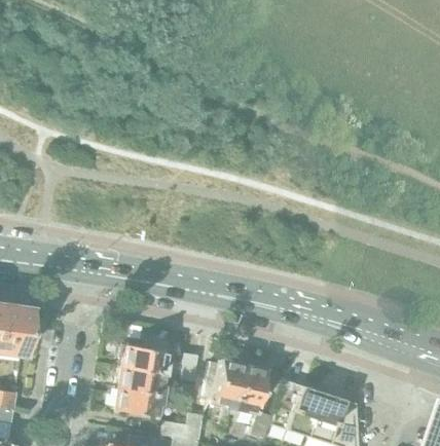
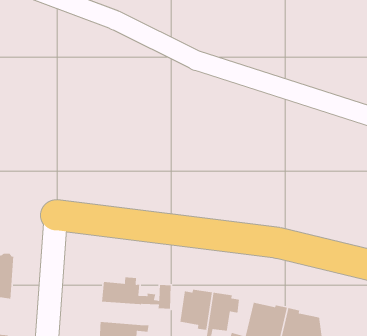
building: [117,367,162,395] -> none

